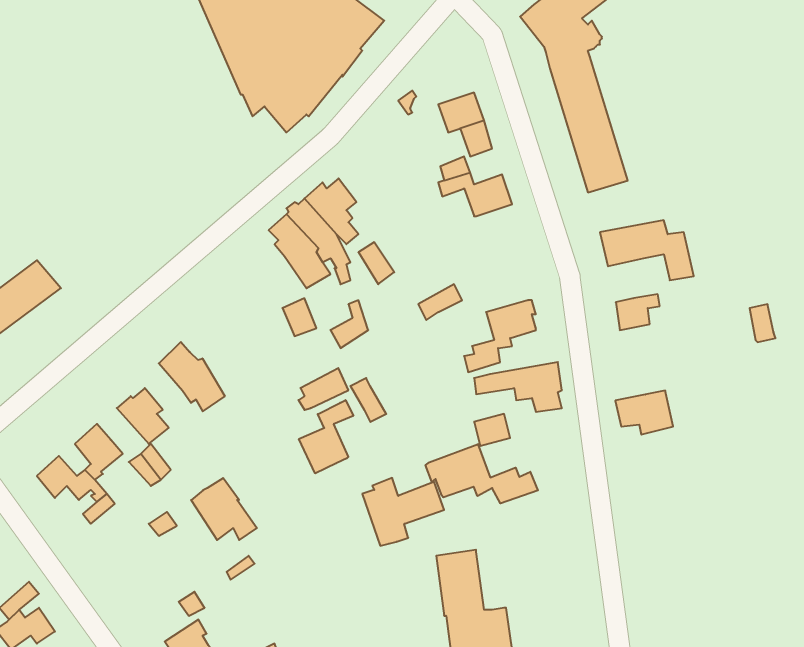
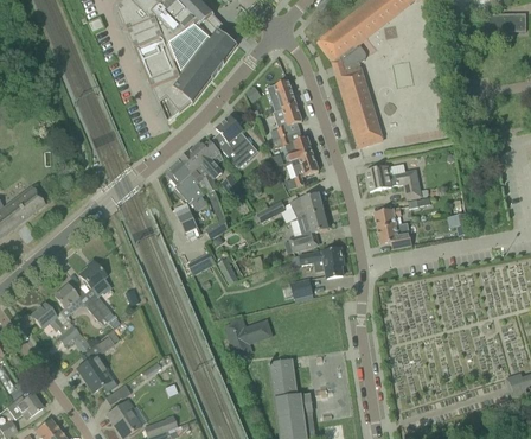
building: none -> [216,114,255,167]
building: none -> [286,153,319,189]
building: none -> [289,192,322,217]
building: [159,342,225,411] -> none
building: [615,391,673,435] -> [377,222,411,248]
building: [299,400,353,473] -> none
building: [426,444,538,503] -> none
building: [191,478,257,540] -> [77,355,116,392]

